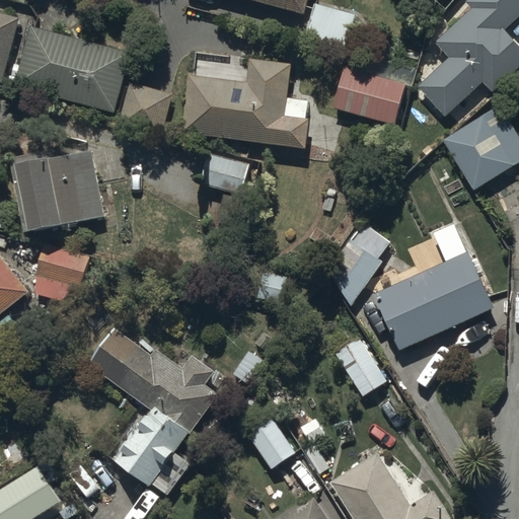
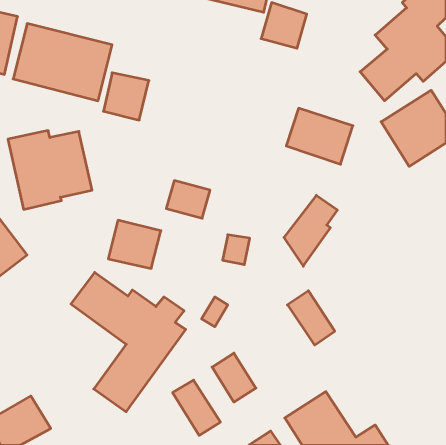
building: [181,62,310,149] -> none
building: [330,65,407,130] -> [286,108,353,164]
building: [202,153,252,197] -> [166,181,210,218]
building: [369,224,494,354] -> none
building: [32,246,93,302] -> [108,220,161,268]
building: none -> [173,380,220,435]

